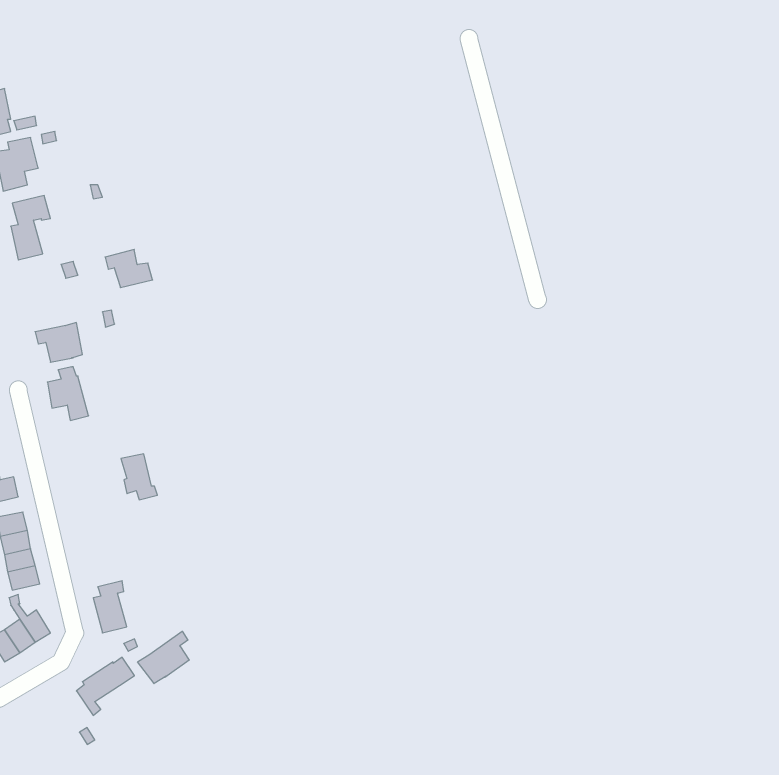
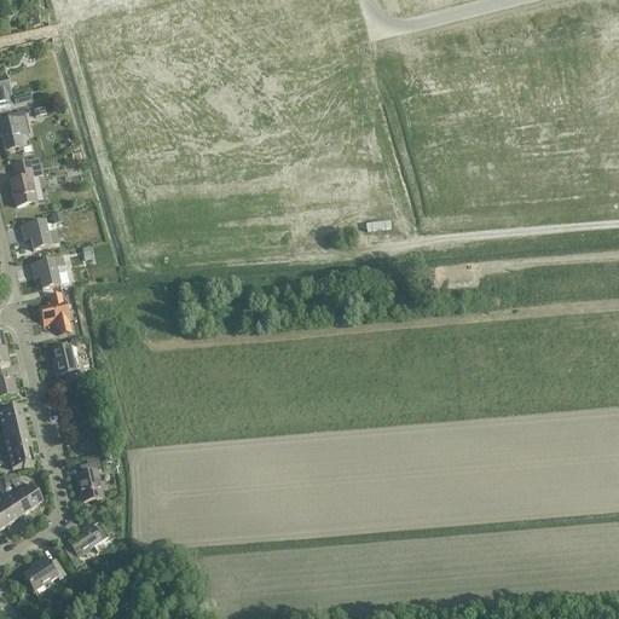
building: [105,249,153,288] -> [19,218,57,248]
building: [121,454,157,500] -> [50,343,79,380]
building: [138,631,189,684] -> none
building: none -> [22,554,63,589]

